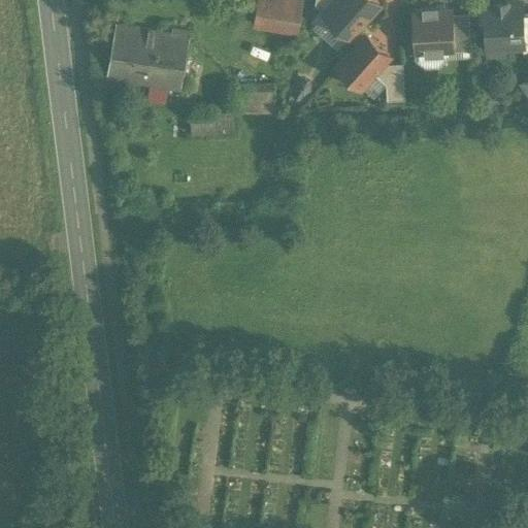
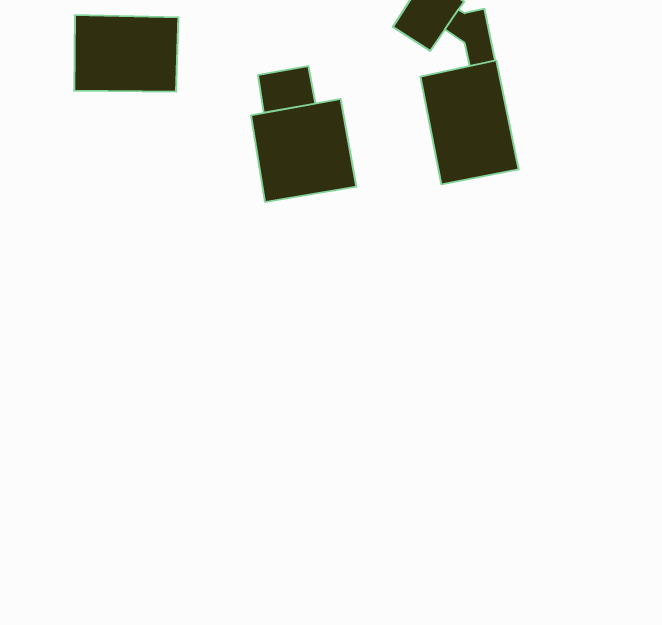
building: none -> [420,60,519,184]
building: none -> [251,99,356,202]

